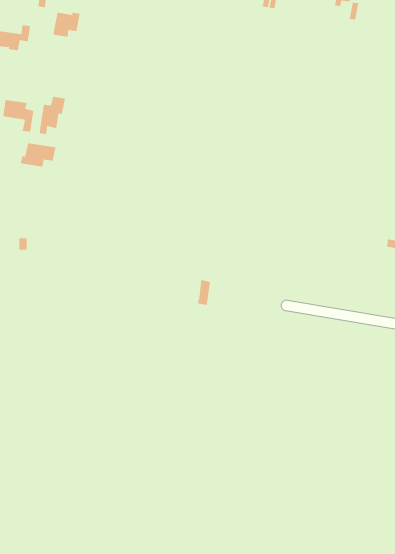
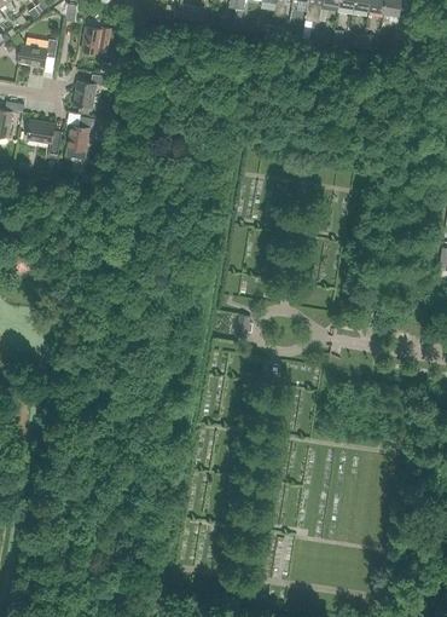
building: none -> [72,74,108,108]
building: [20,142,56,167] -> none

